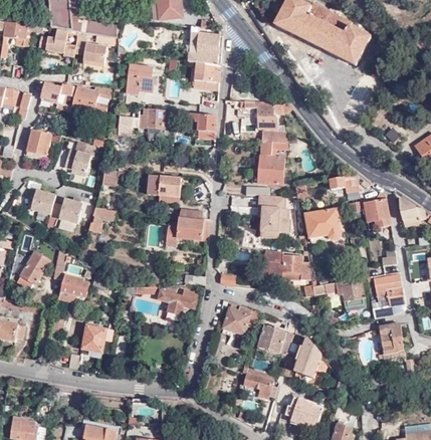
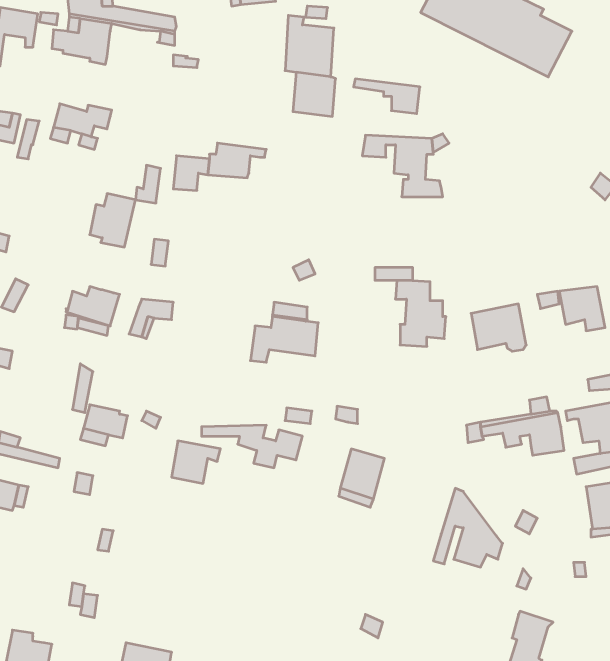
building: [74,36,106,66] -> none
building: [127,64,155,92] -> none
building: [72,86,113,115] -> none
building: [175,112,217,134] -> [354,79,420,114]
building: [26,129,50,155] -> none
building: [251,142,289,184] -> none
building: [329,174,361,193] -> none
building: [148,175,181,203] -> none
building: [28,187,55,214] -> none
building: [264,250,311,281] -> none
building: [16,251,49,292] -> none
building: [257,322,296,357] -> none
building: [81,325,113,353] -> [172,441,220,483]
building: [242,366,278,399] -> none
building: [285,398,322,429] -> none

